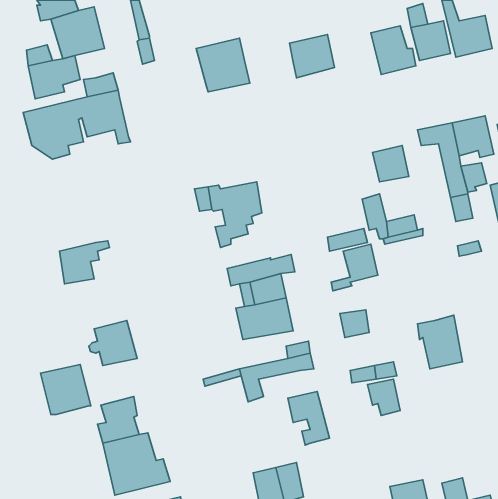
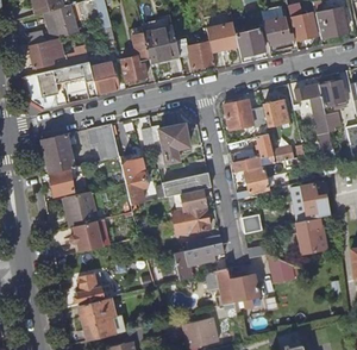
building: none -> [233,17,267,56]
building: none -> [121,27,151,82]
building: none -> [177,39,215,69]
building: none -> [92,62,121,94]
building: none -> [226,100,255,129]
building: none -> [88,124,120,161]
building: none -> [42,133,76,174]
building: none -> [121,160,146,205]
building: none -> [302,182,328,220]
building: [40,364,91,415] -> [63,192,98,226]
building: none -> [230,274,259,315]

